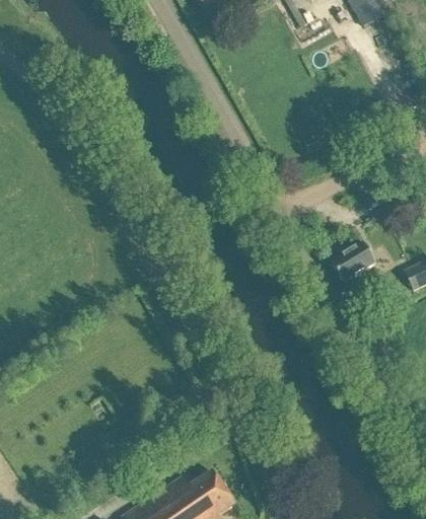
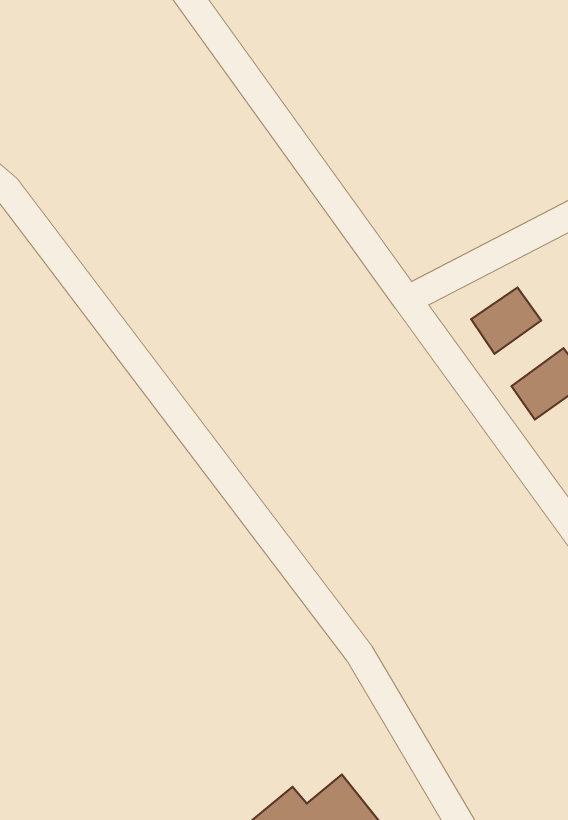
building: none -> [471,287,541,354]

